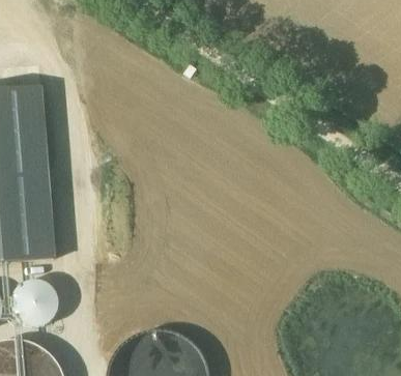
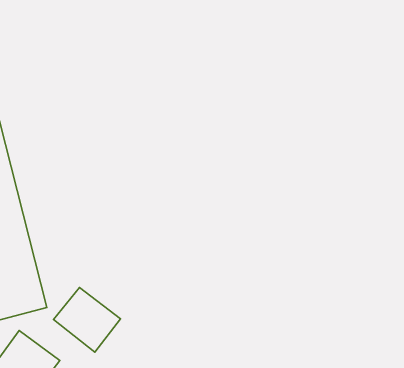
building: none -> [54,287,120,352]

